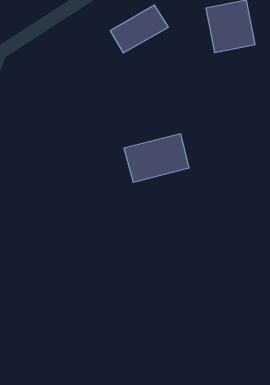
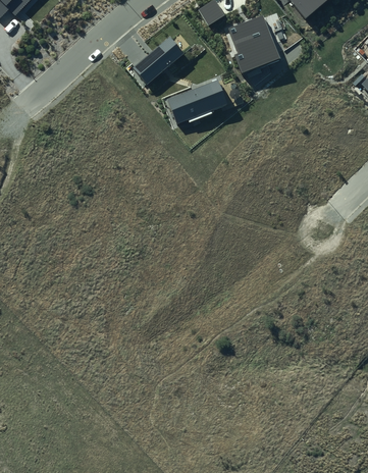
building: [124,134,189,182] -> [161,71,233,130]

